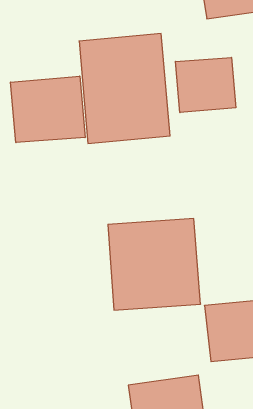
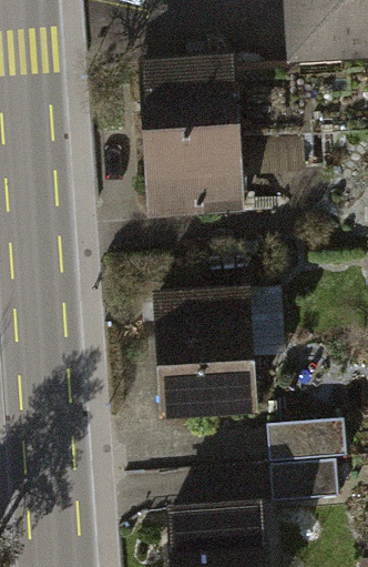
building: [175,57,236,113] -> none
building: [11,76,85,143] -> none

